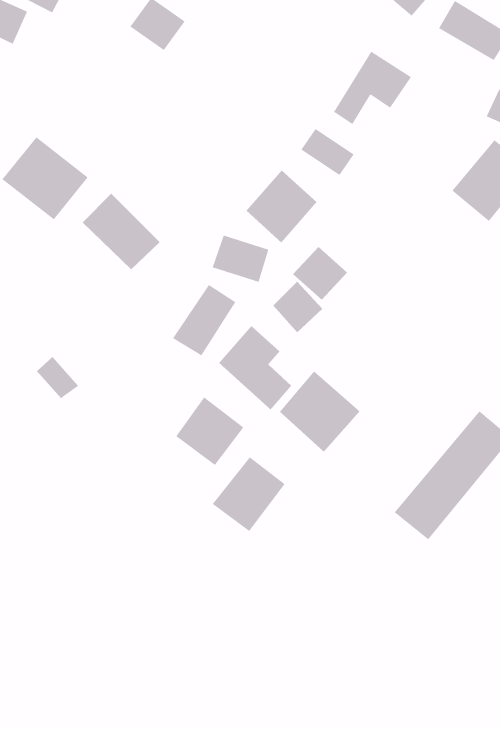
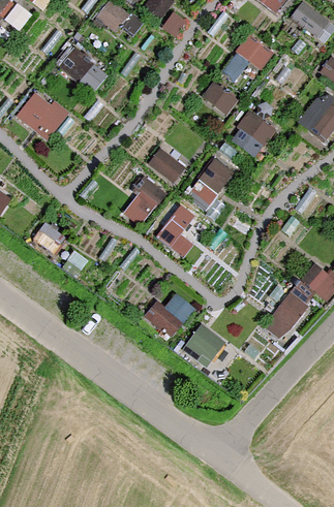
building: [245,169,318,243] -> [231,110,276,157]
building: [82,193,161,270] -> [59,45,109,94]
building: [279,370,361,453] -> none
building: [176,396,244,466] -> none
building: none -> [182,322,227,369]

